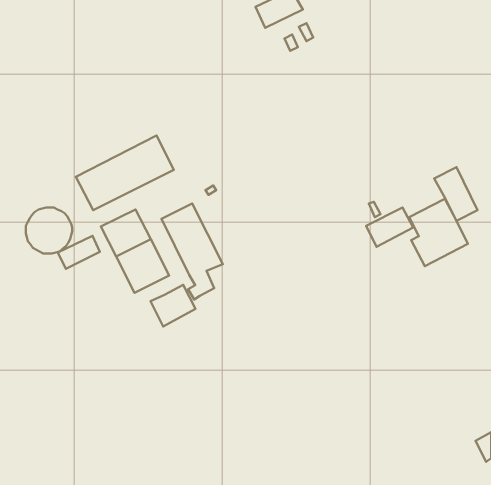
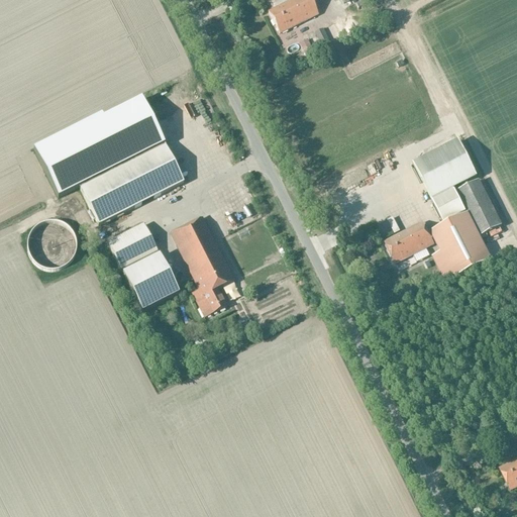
building: none -> [35,95,163,192]
building: none -> [414,136,478,220]
building: [58,236,100,269] -> none
building: [150,285,196,327] -> none

